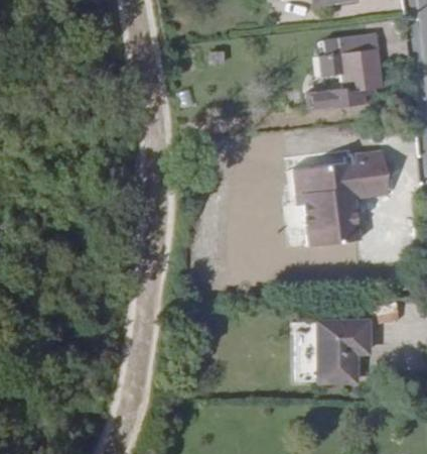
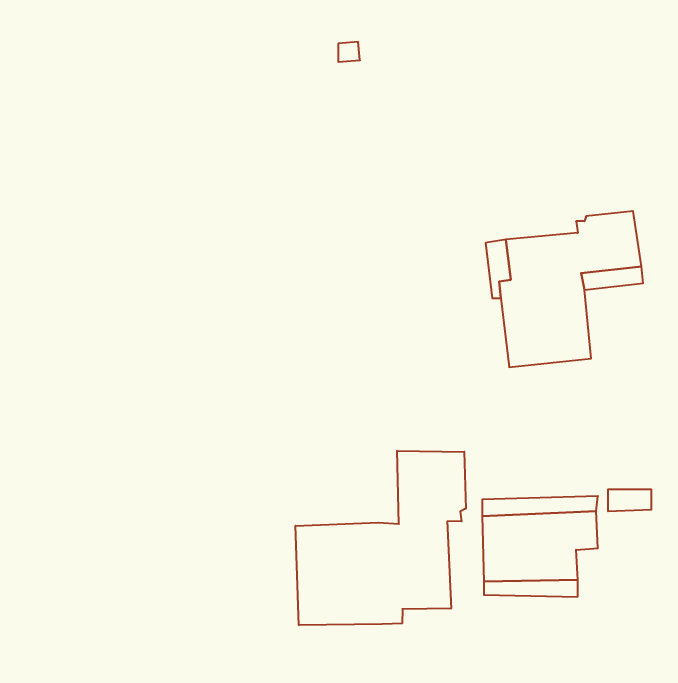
building: [311,32,384,108] -> none
building: none -> [296,451,466,625]

